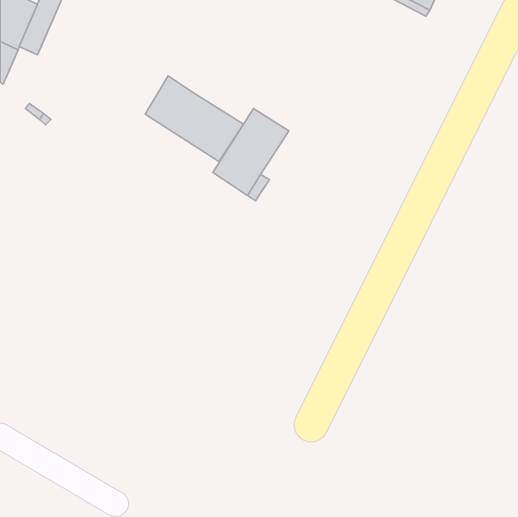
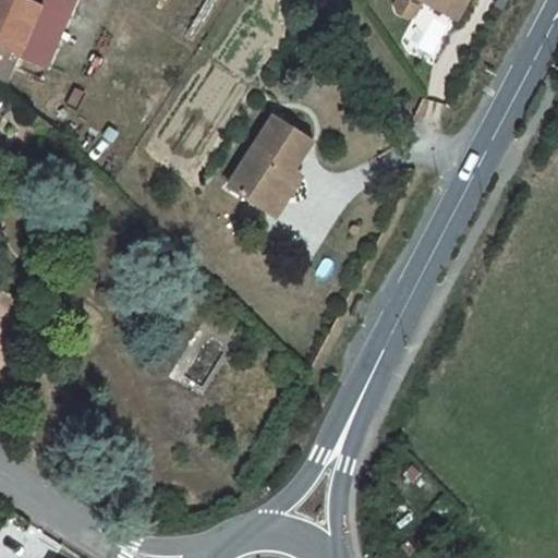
building: [145,76,243,162] -> none

